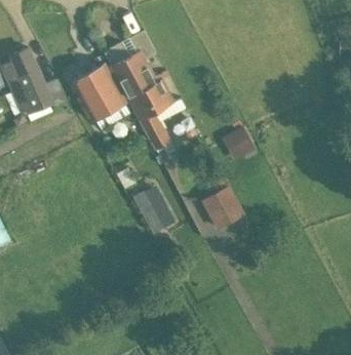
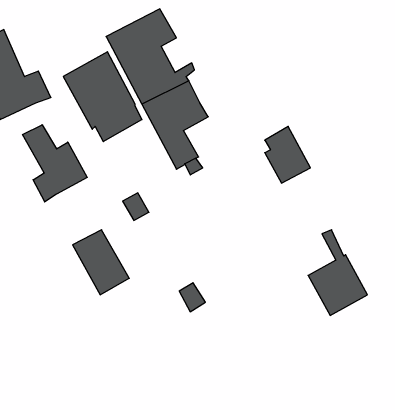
building: none -> [23,125,87,202]
building: [201,166,245,230] -> [308,230,367,315]
building: [133,186,176,234] -> [73,230,129,295]

